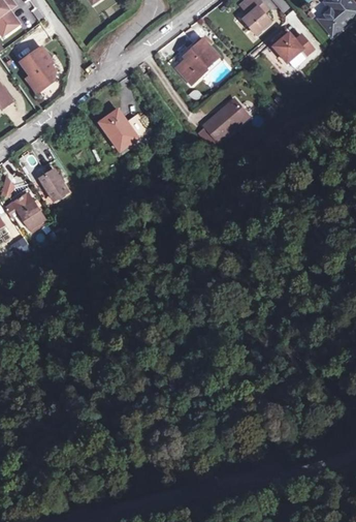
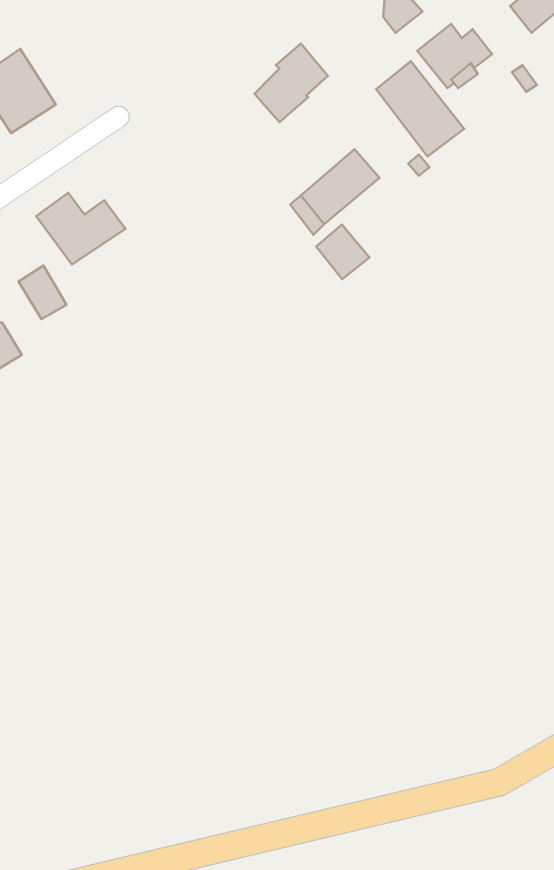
building: none -> [376,61,464,157]
building: [98,106,150,148] -> [36,193,125,265]
building: none -> [316,225,369,279]

